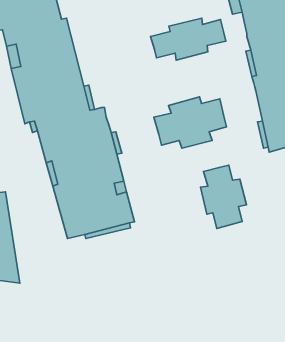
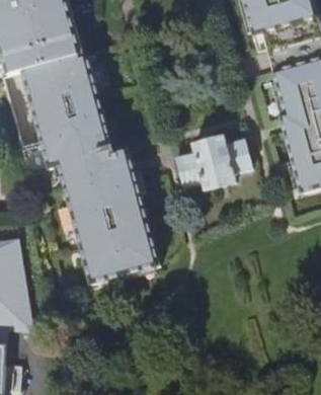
building: [151,18,226,60] -> none
building: [200,165,247,229] -> none

